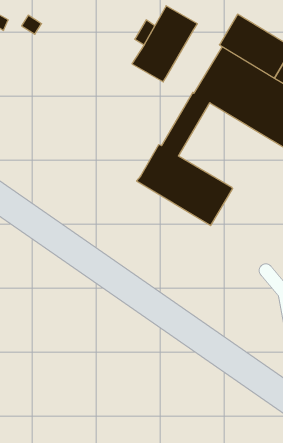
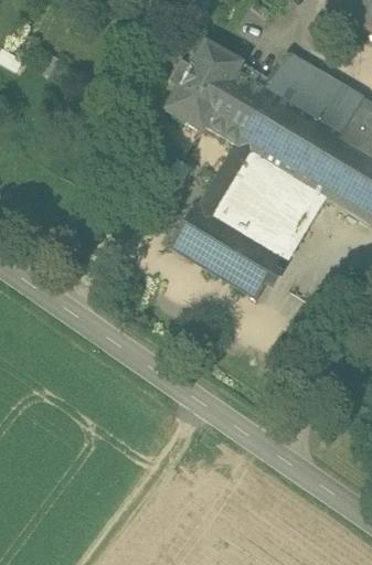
building: none -> [210,71,275,145]
building: none -> [224,156,319,254]

